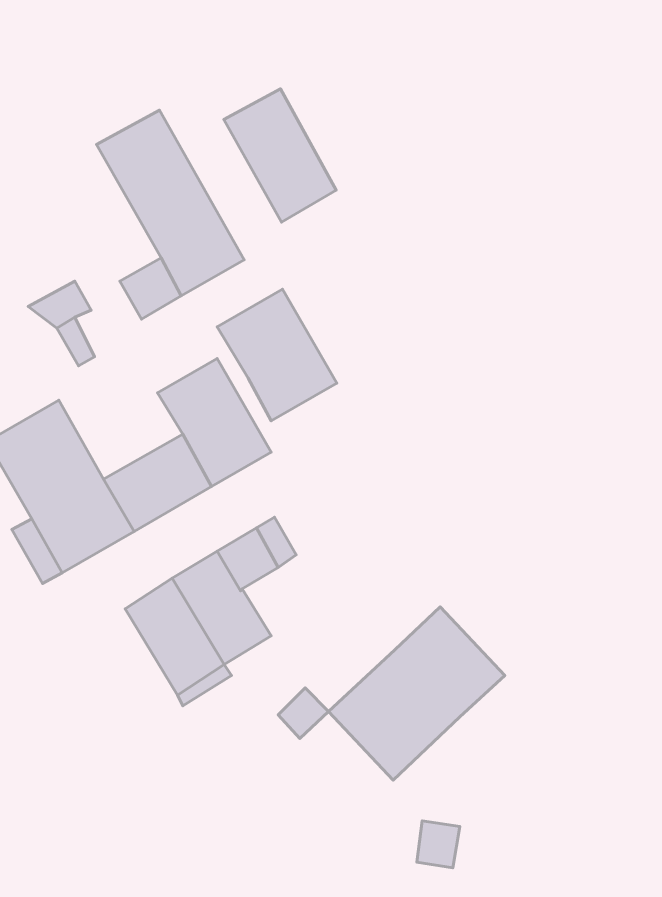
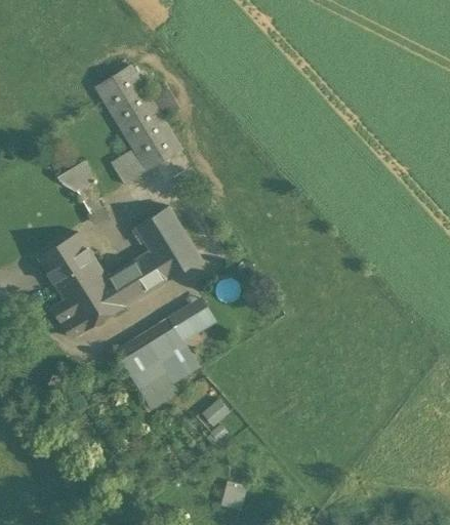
building: [224,89,336,222] -> none
building: [217,289,337,421] -> none
building: [329,607,505,780] -> none
building: [417,821,460,868] -> [221,481,246,508]

